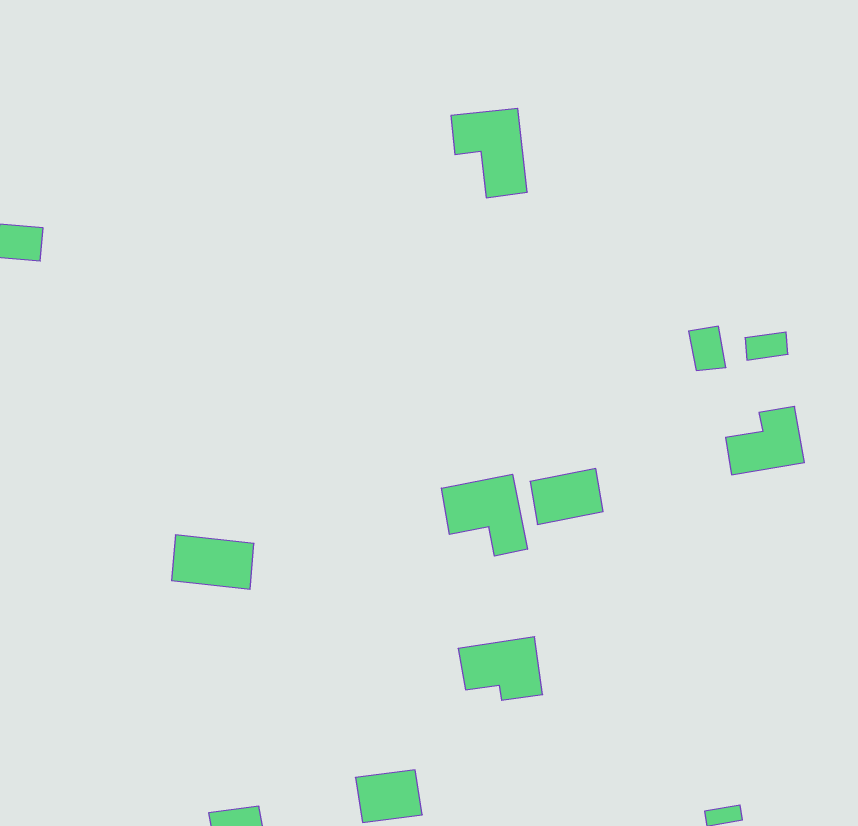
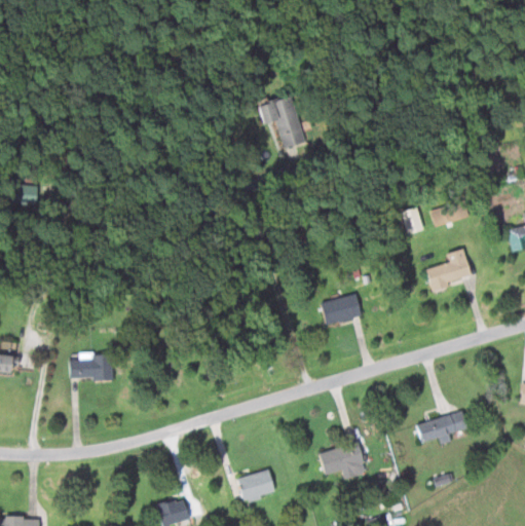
building: [441,474,527,556] -> none
building: [172,535,254,589] -> [69,353,113,380]
building: [458,637,543,700] -> [317,441,367,478]
building: none -> [416,411,467,444]

